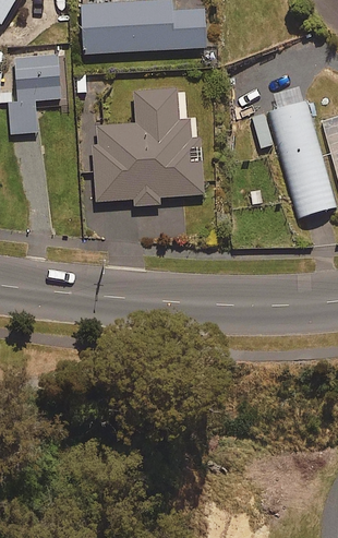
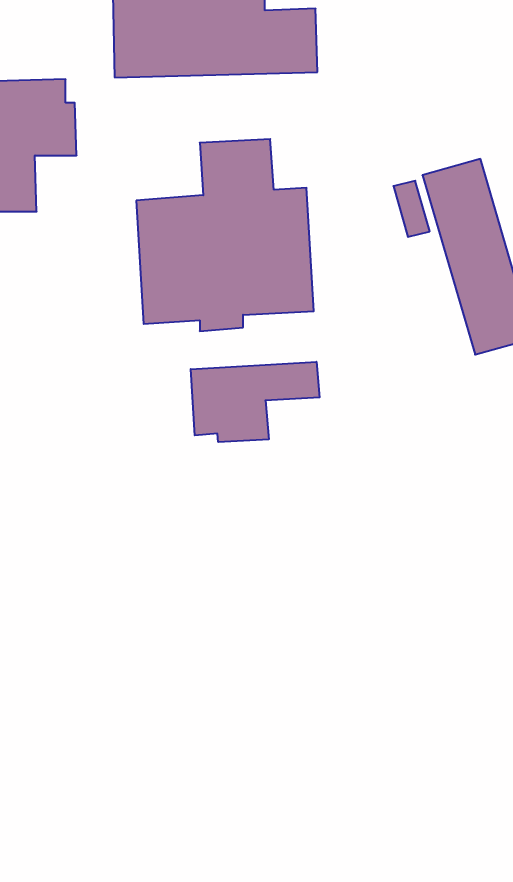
building: none -> [191,362,320,442]

